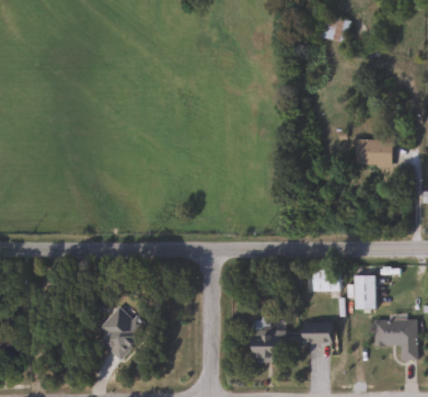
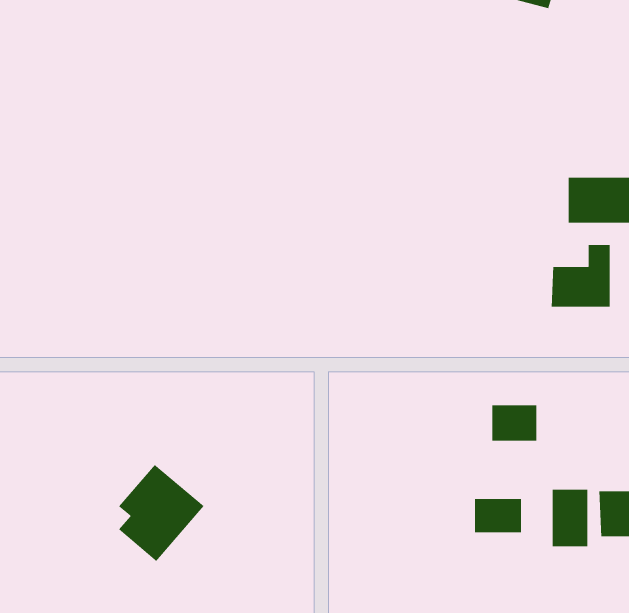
building: none -> [551,244,610,307]
building: [354,275,374,308] -> [552,489,588,547]
building: [251,321,281,361] -> none

